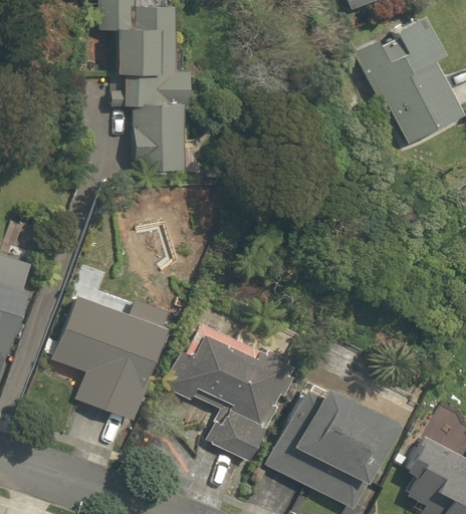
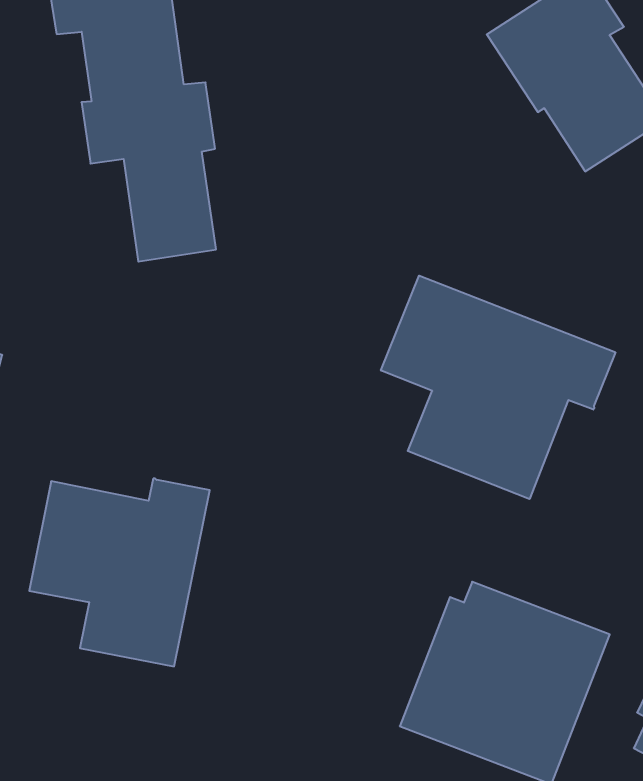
building: none -> [381,276,615,499]
building: [160,318,297,460] -> none

